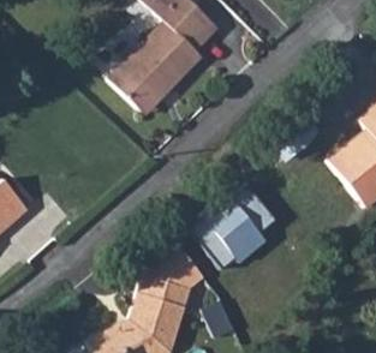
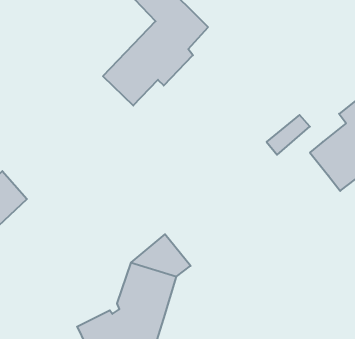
building: [207,189,281,264] -> none

